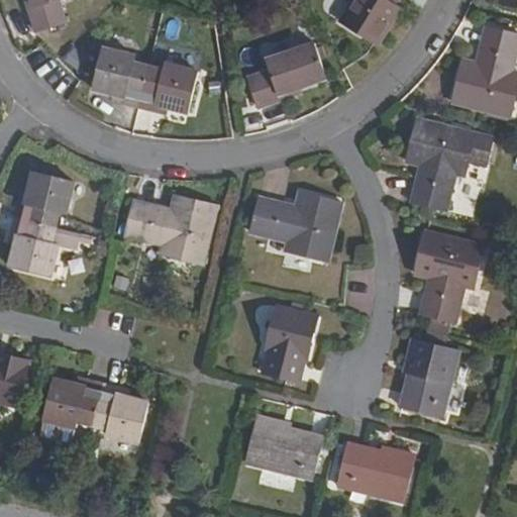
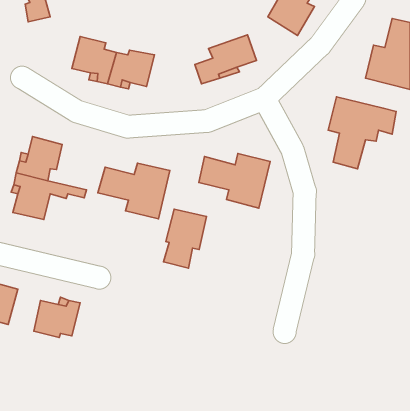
building: [418,233,487,324] -> none
building: [261,307,314,381] -> [163,209,206,268]
building: [404,341,461,417] -> none
building: [90,379,145,437] -> none
building: [240,416,318,477] -> none
building: [337,445,415,502] -> none

